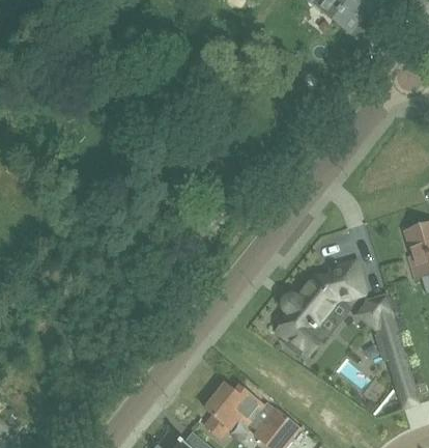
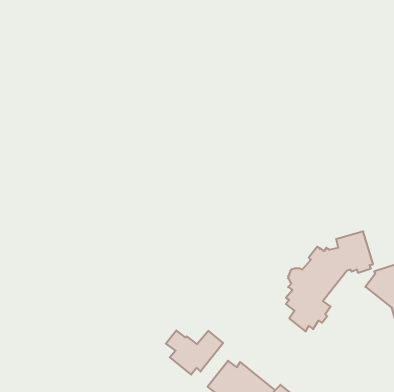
building: none -> [166,330,223,375]

